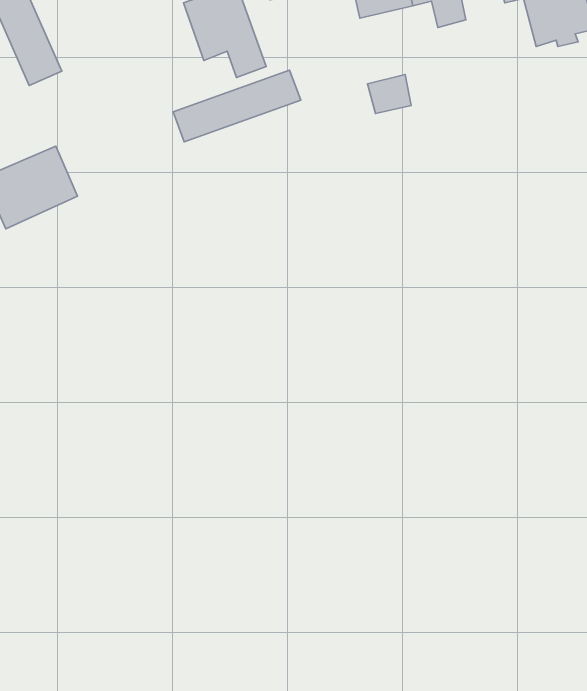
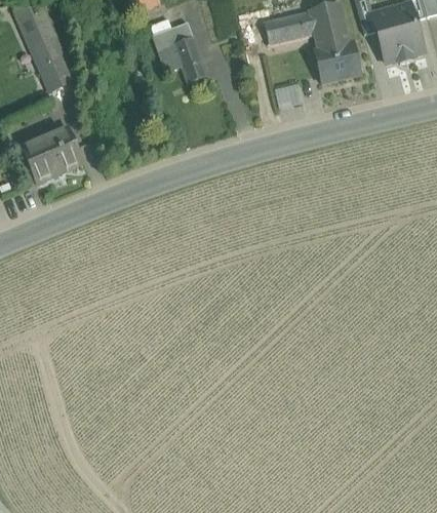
building: none -> [315,41,360,81]
building: [173,70,301,142] -> none

